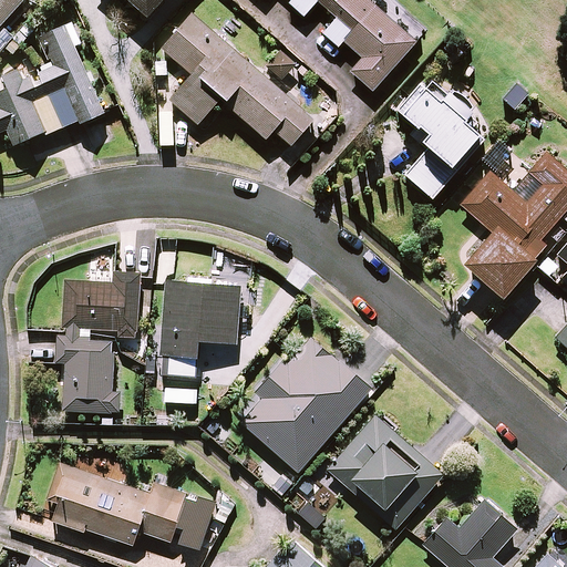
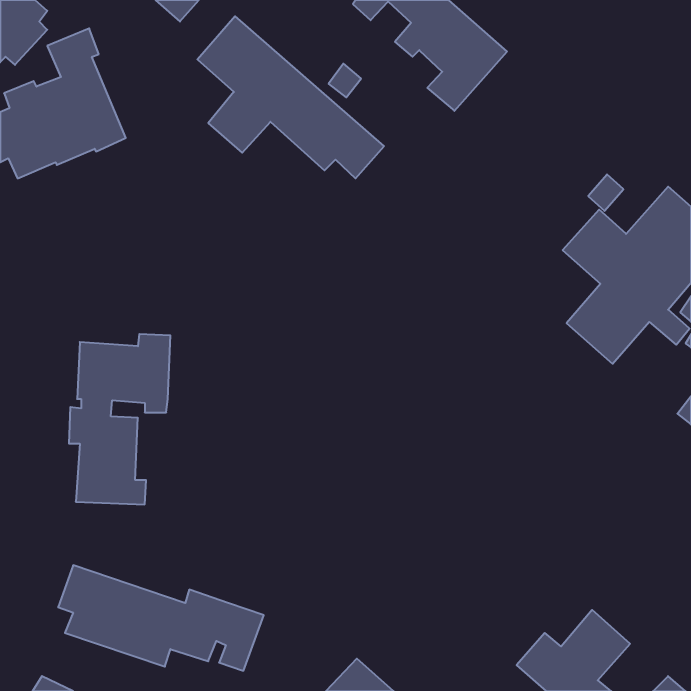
building: [398,80,485,198] -> none
building: [158,280,239,379] -> none
building: [241,337,372,473] -> none
building: [328,415,443,529] -> none

